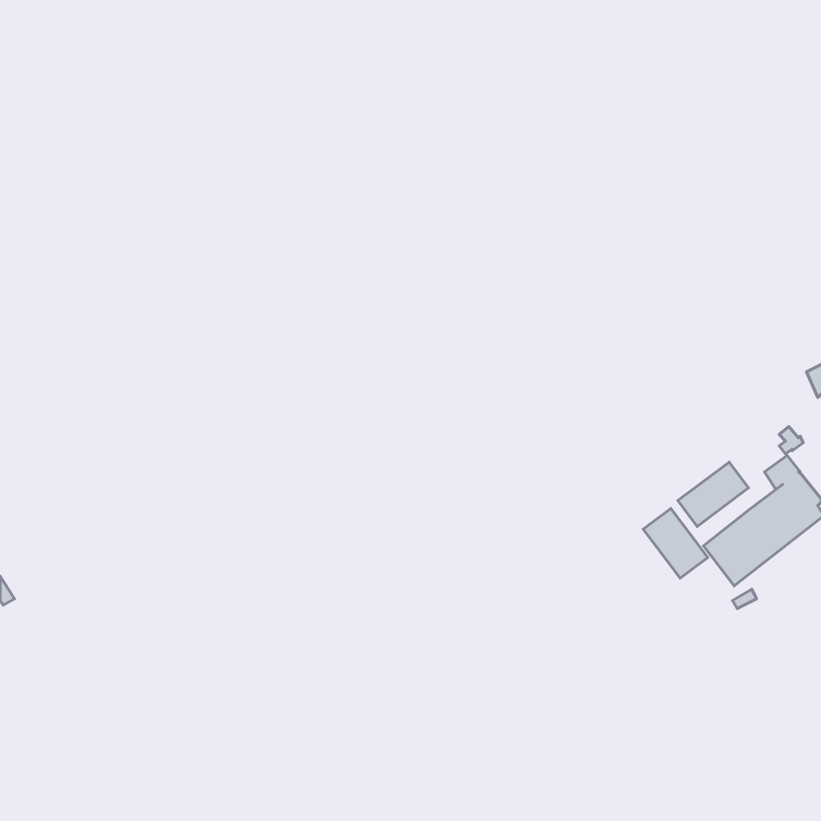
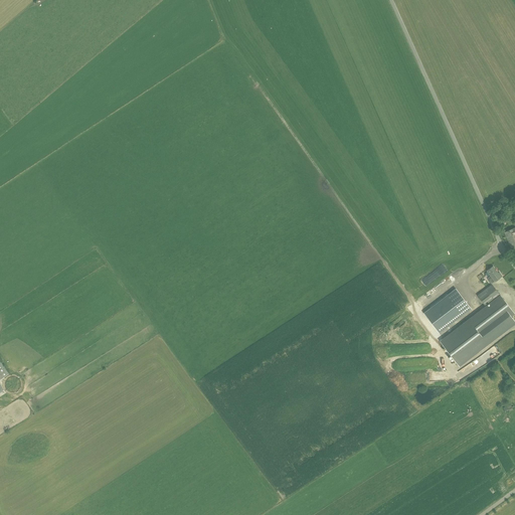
building: [643,508,708,578] -> none

